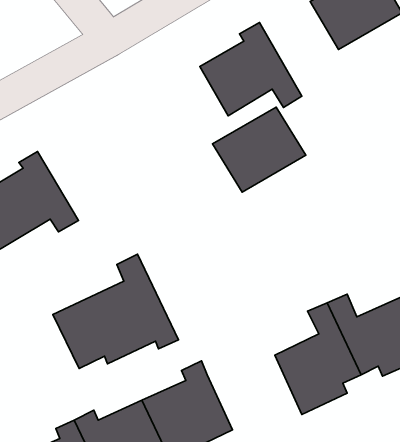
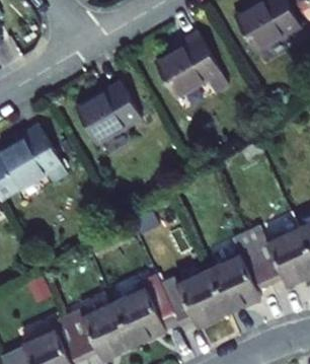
building: [213,107,306,192] -> [75,83,142,144]
building: [53,254,178,368] -> none
building: none -> [160,270,228,326]

